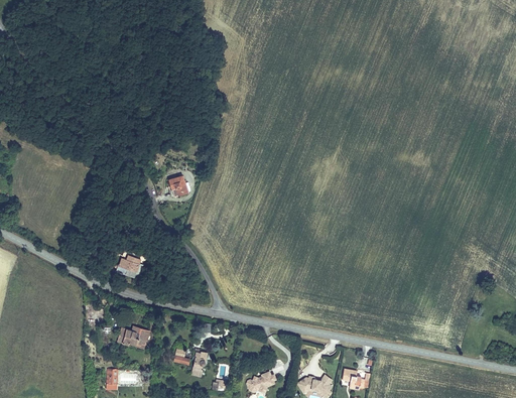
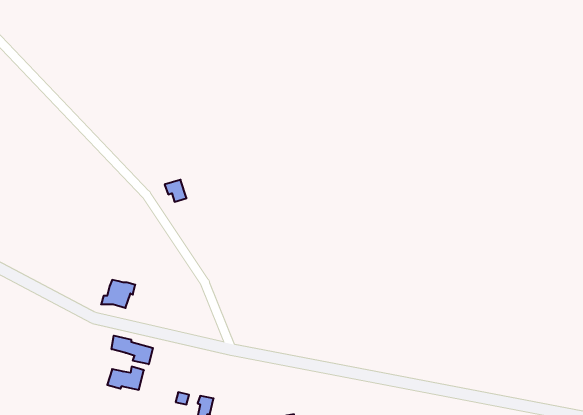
building: none -> [112,336,153,364]

